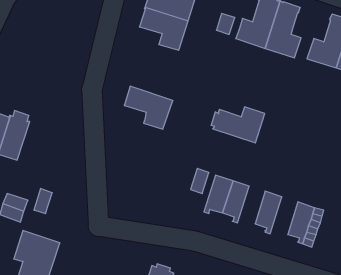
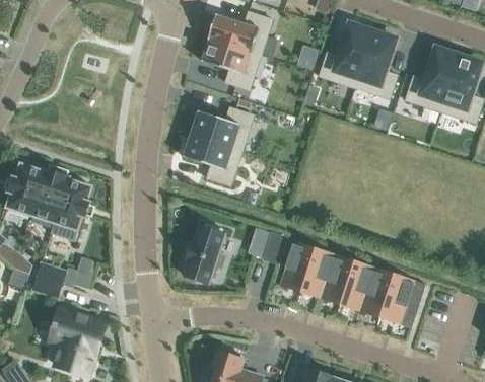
building: [211,107,265,143] -> [188,106,253,150]
building: none -> [53,175,95,230]
building: none -> [184,223,224,283]
building: none -> [320,253,353,300]
building: none -> [359,266,393,312]

